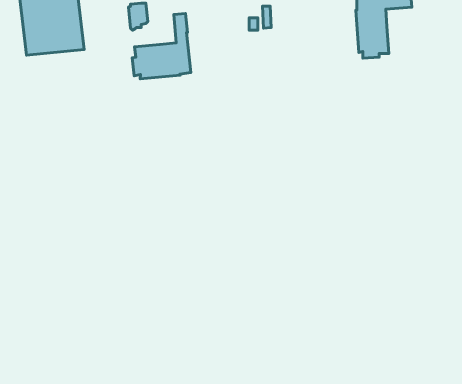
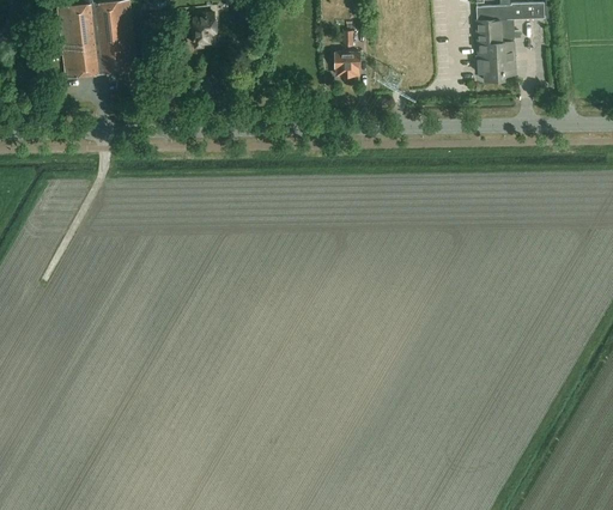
building: [132,13,191,79] -> none
building: none -> [334,50,360,75]

